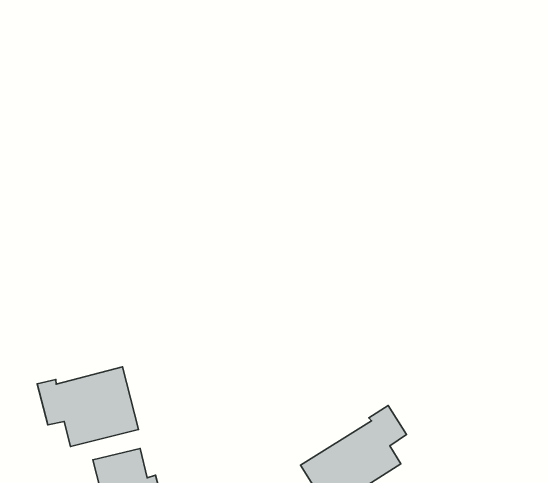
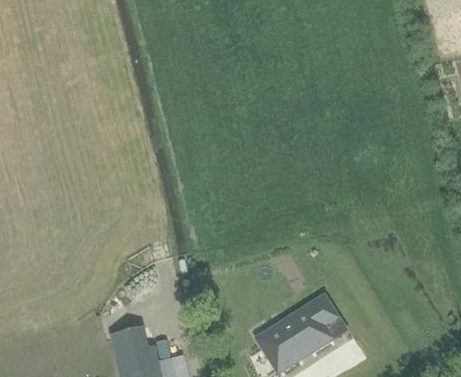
building: [37,367,139,447] -> none

